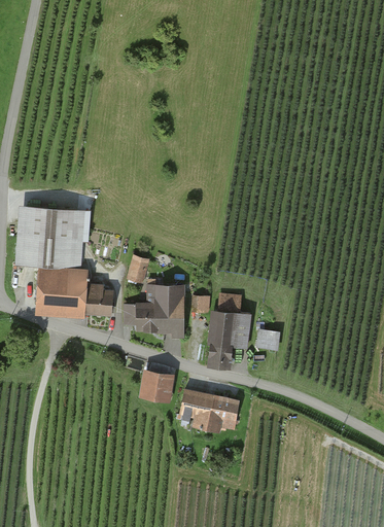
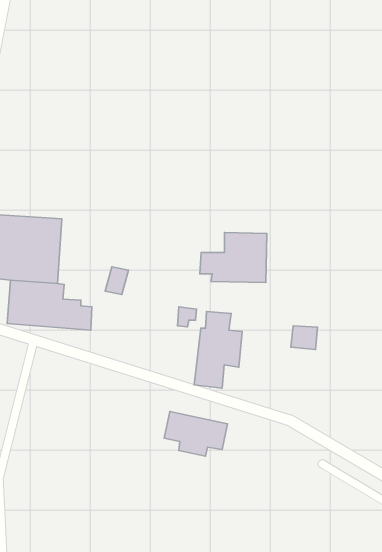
building: [126,286,187,332] -> [200,233,267,283]
building: [255,326,280,348] -> [291,326,318,349]
building: [139,367,172,399] -> none

